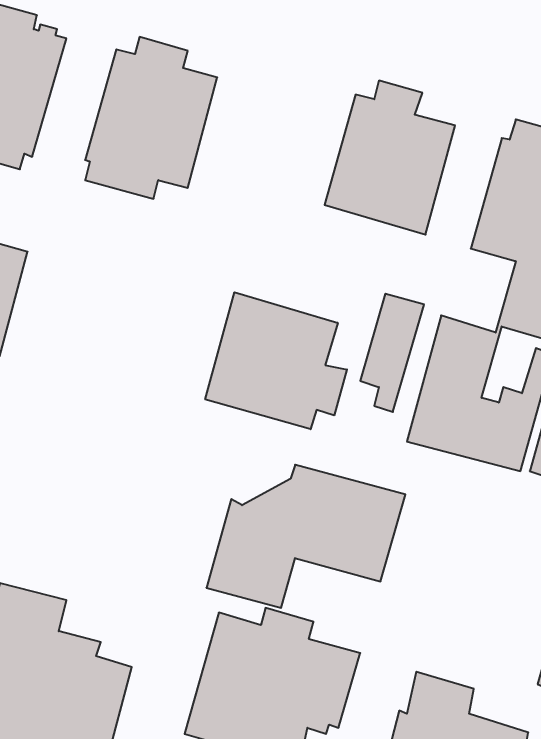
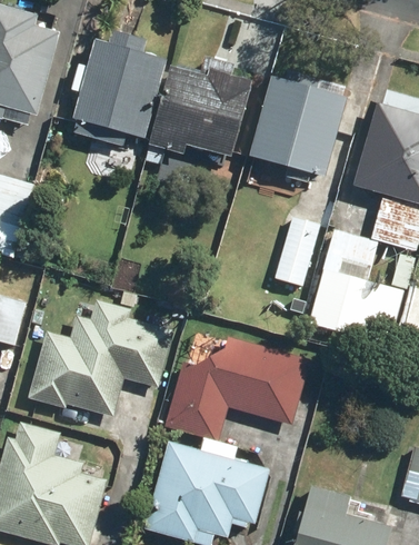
building: none -> [151,57,258,158]
building: [205,292,347,429] -> none
building: none -> [31,299,178,419]

